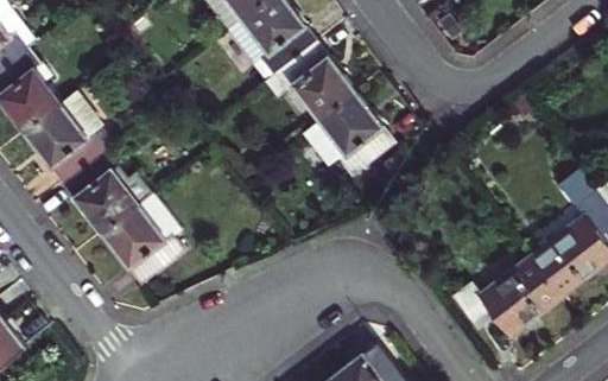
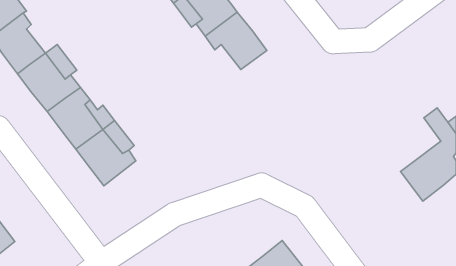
building: [319,95,392,179] -> none
building: [455,255,560,336] -> none

